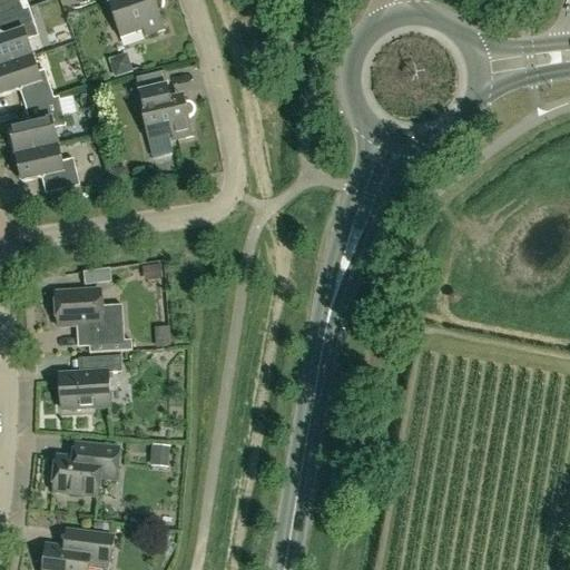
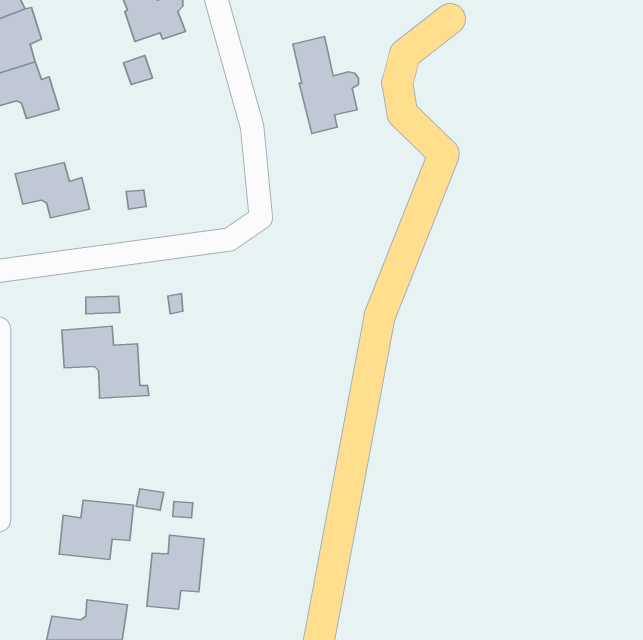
building: [135,70,193,156] -> [293,37,358,134]
building: [8,95,65,154] -> none
building: [58,355,120,407] -> none
building: none -> [147,535,204,609]

